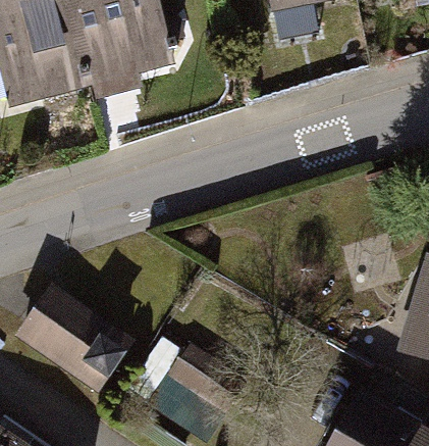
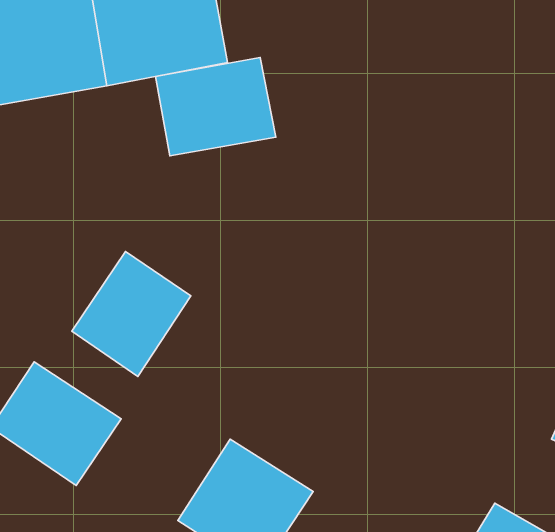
building: none -> [155,57,276,156]
building: none -> [72,252,191,377]

